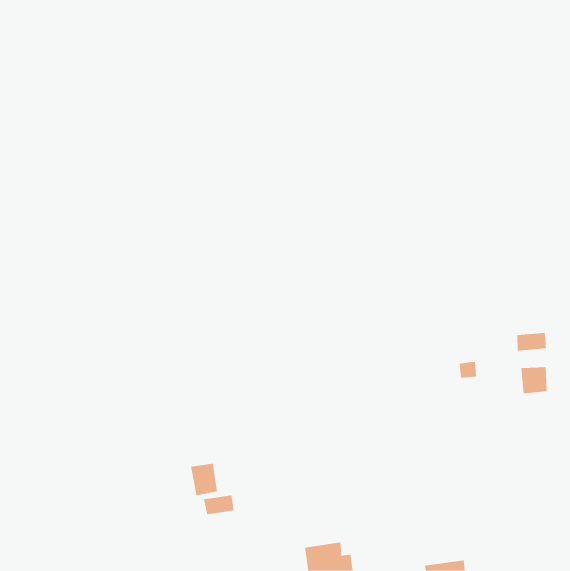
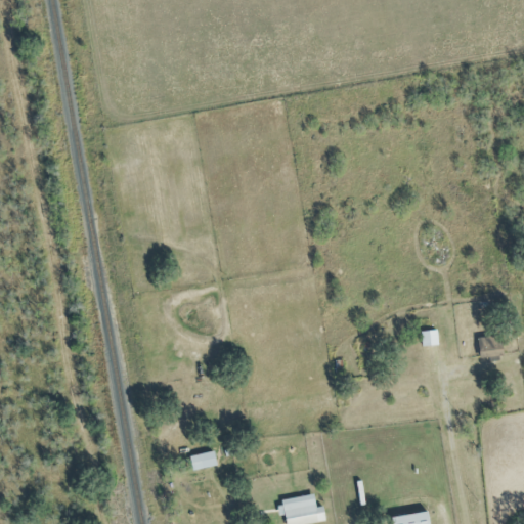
building: [517,332,547,351] -> none
building: [191,463,217,496] -> none

